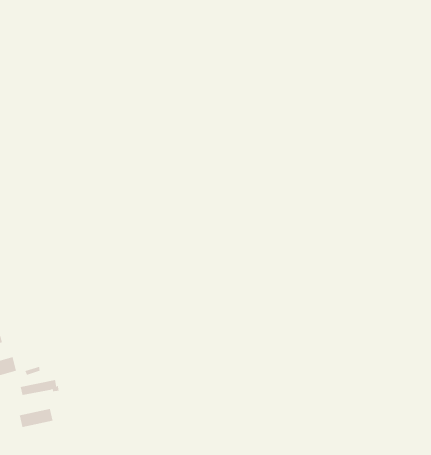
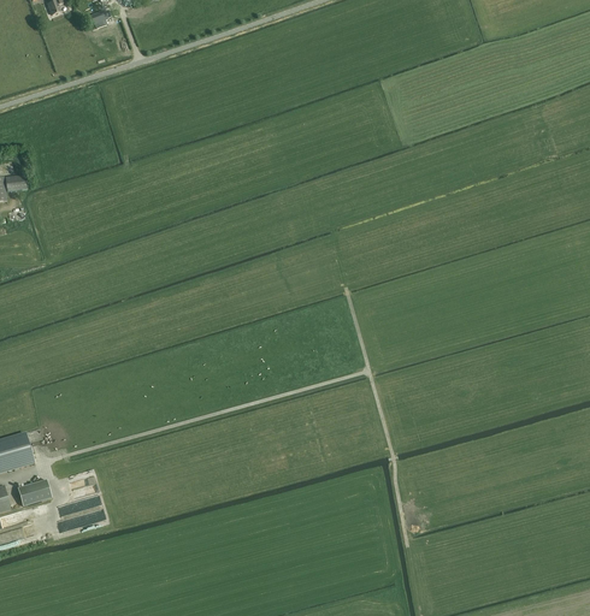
building: [19,408,53,428] -> none

